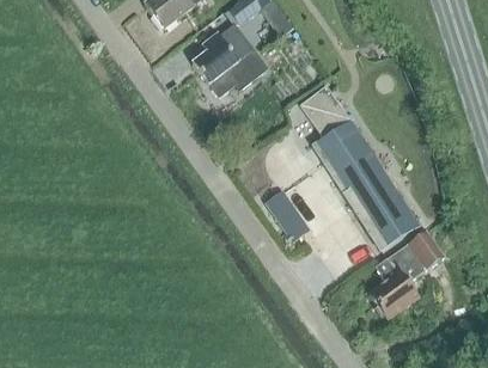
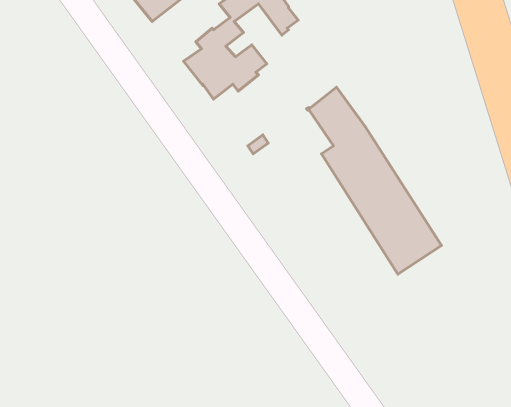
building: [266,189,311,240] -> none
building: [370,228,446,318] -> none

